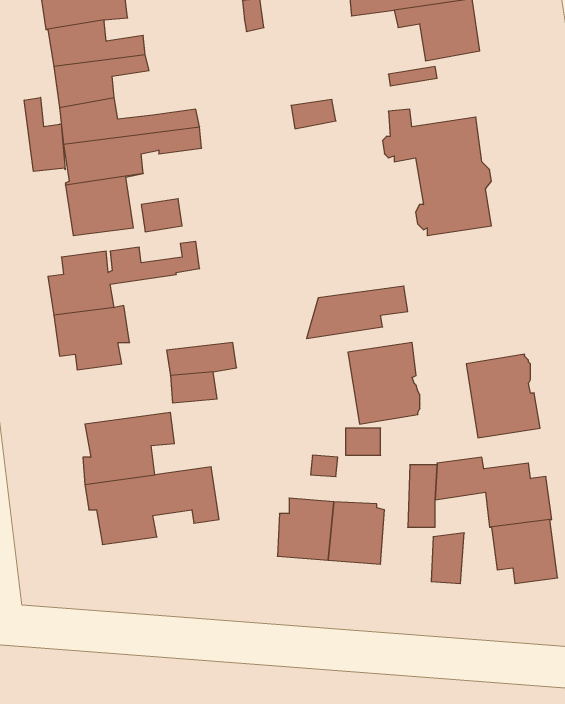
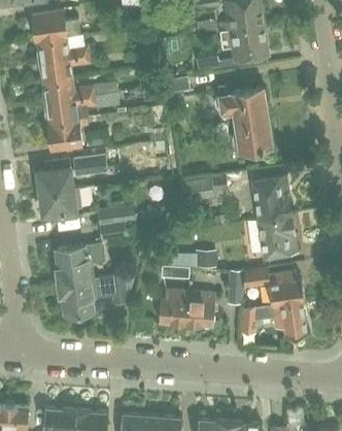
building: [24,97,65,171] -> none
building: [348,342,420,424] -> [251,174,289,218]

